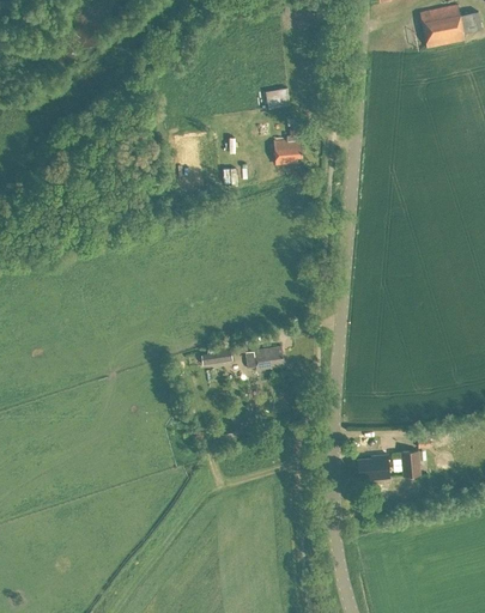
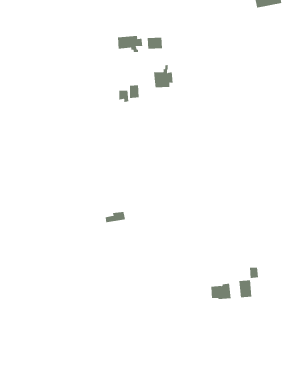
building: none -> [118,35,143,53]
building: [245,347,284,370] -> none

